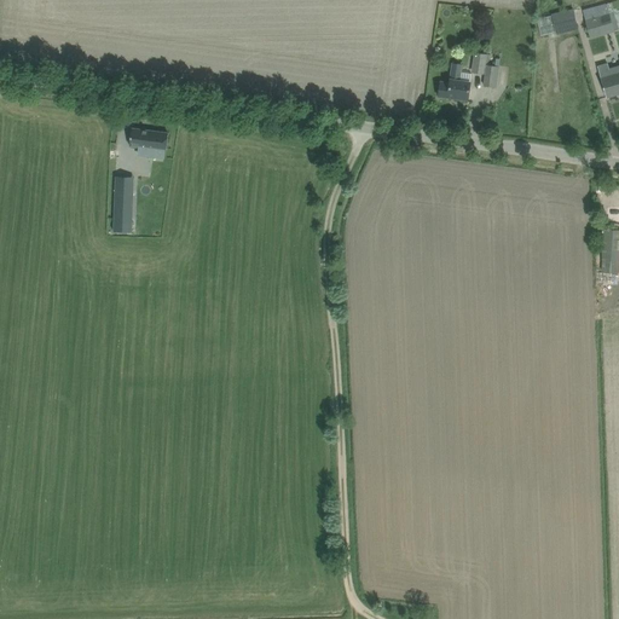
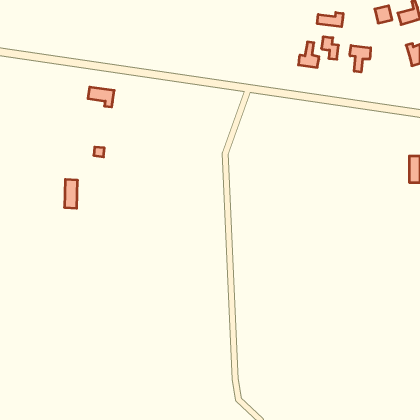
building: none -> [317,12,343,27]
building: none -> [350,45,371,72]
building: [114,190,133,232] -> [64,179,78,208]

